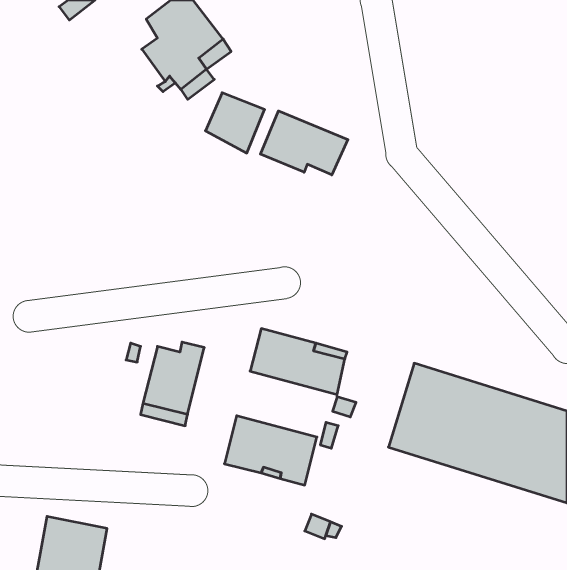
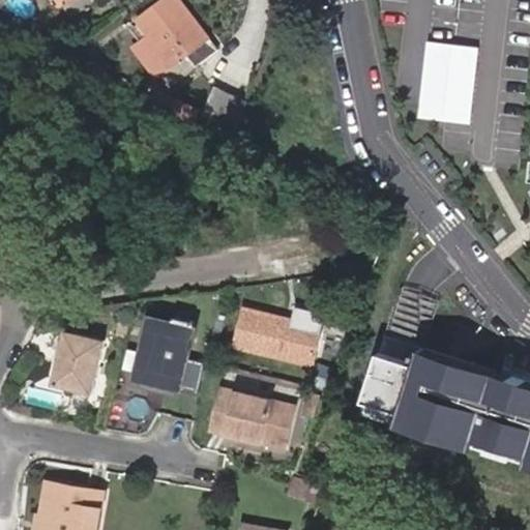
building: none -> [420,38,479,121]
building: [260,111,348,175] -> none
building: none -> [50,326,106,392]

